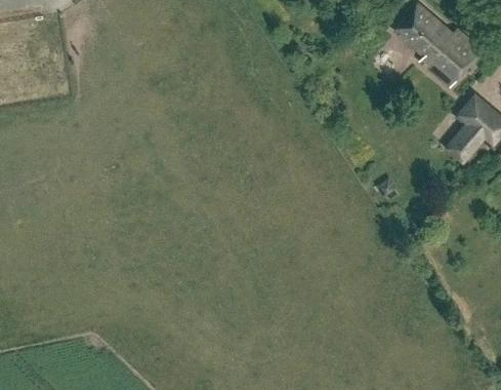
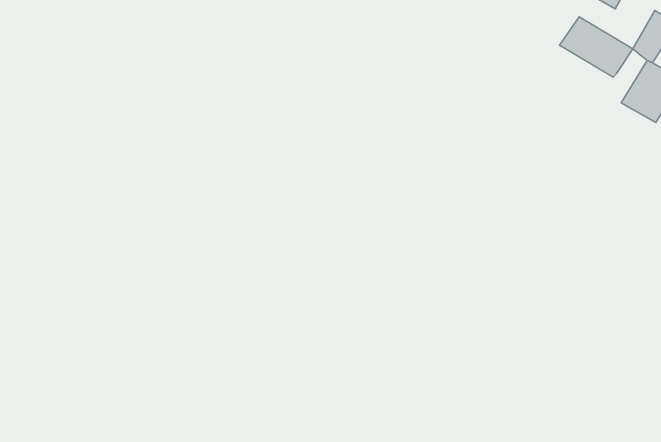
building: none -> [560,17,633,77]

